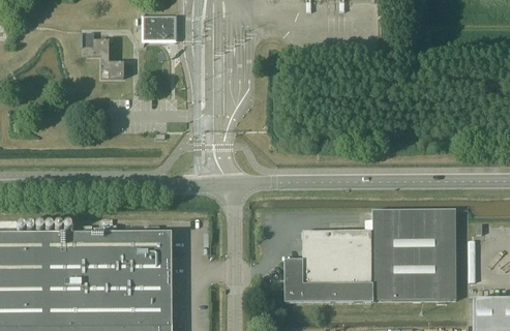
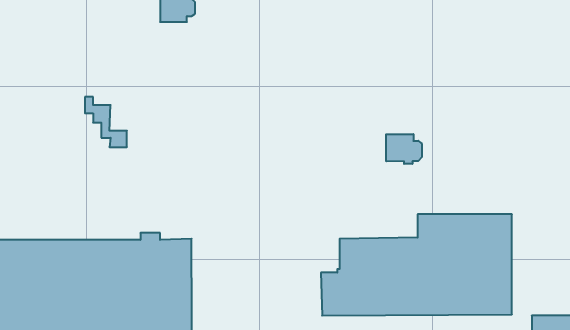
building: [86,32,123,77] -> [85,97,127,147]
building: none -> [386,134,422,164]

